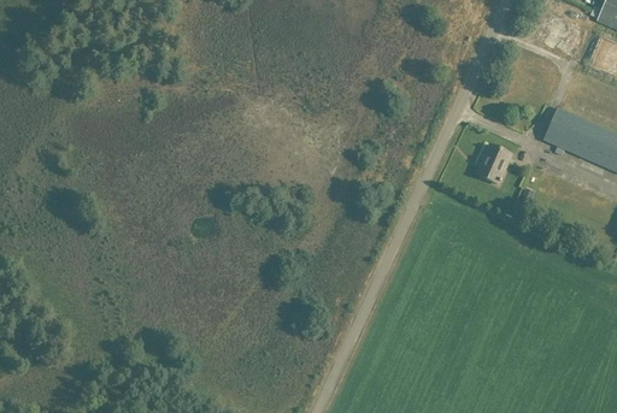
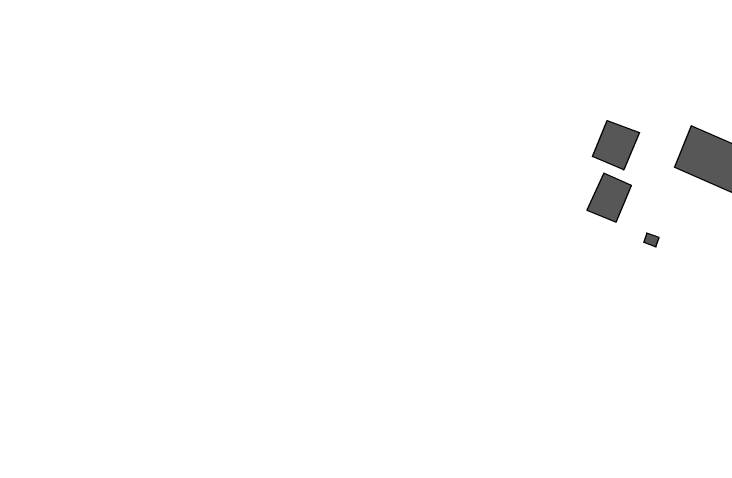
building: none -> [593,121,639,170]

